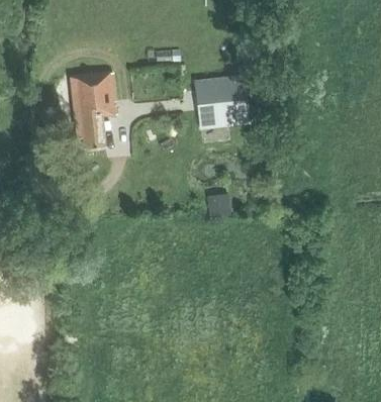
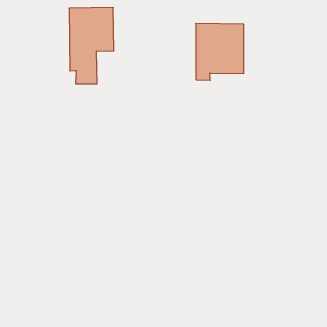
building: [207,192,230,218] -> none

